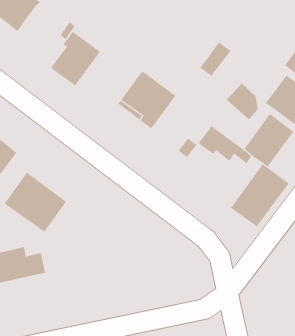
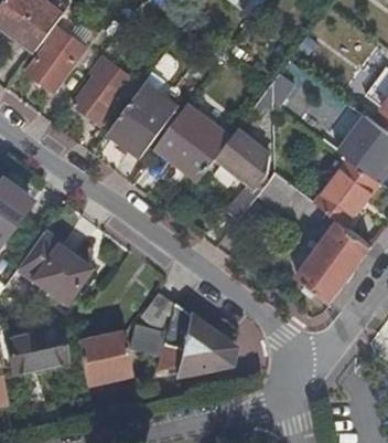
building: none -> [26,23,85,89]
building: none -> [108,85,175,157]
building: [226,82,258,120] -> [228,138,269,186]
building: none -> [121,288,225,372]
building: none -> [75,333,122,382]

